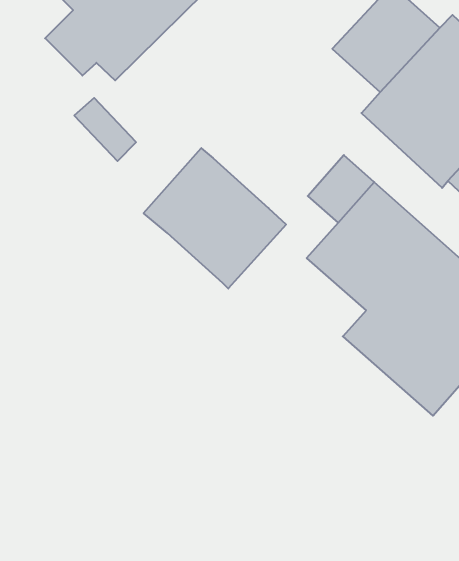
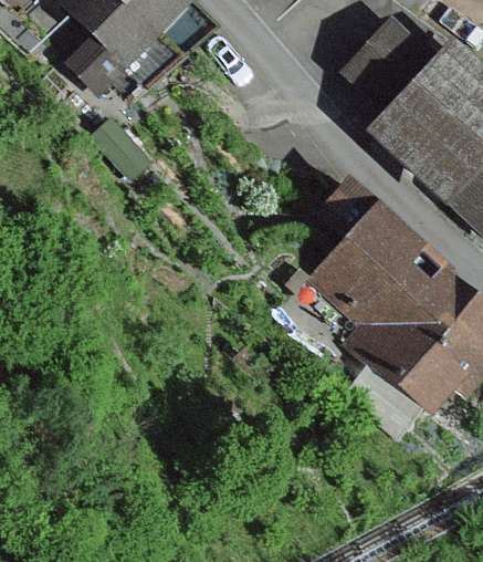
building: [144,148,286,289] -> none

